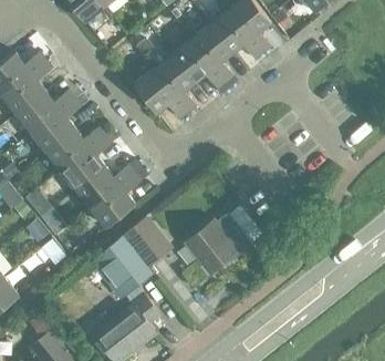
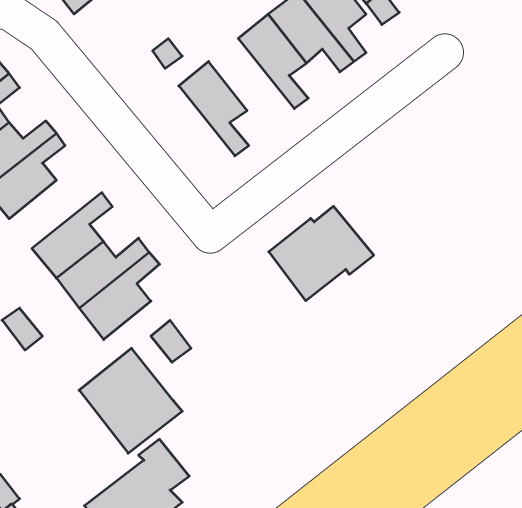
building: [171,39,226,90] -> none
building: [134,69,188,120] -> none
building: [45,128,104,172] -> none
building: [186,214,252,274] -> [269,206,374,301]

